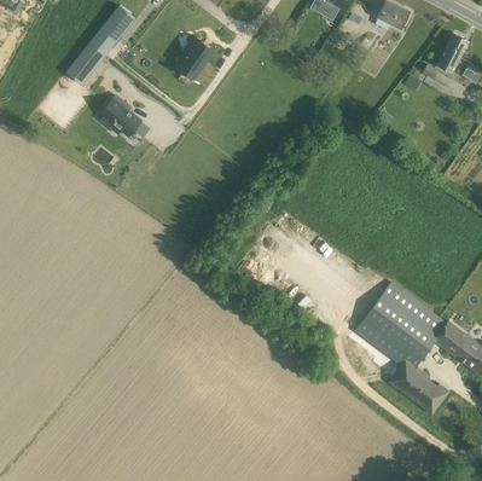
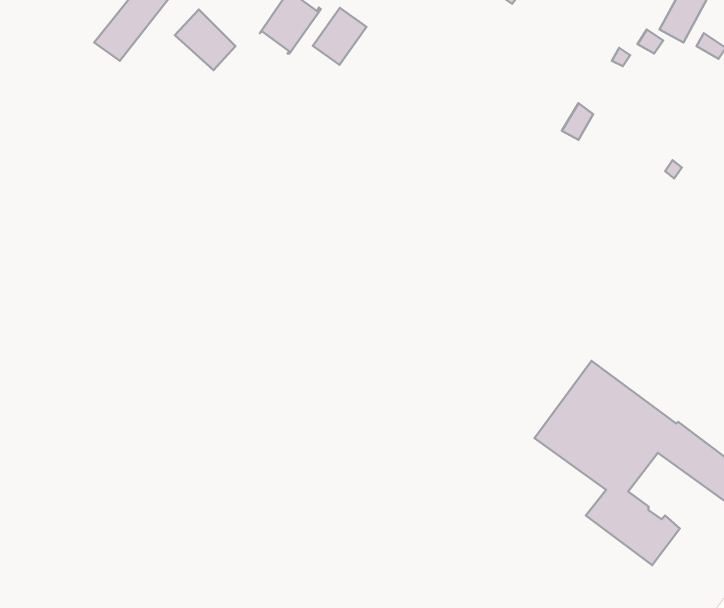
building: none -> [313,8,367,65]
building: [103,97,143,137] -> [175,9,236,70]

